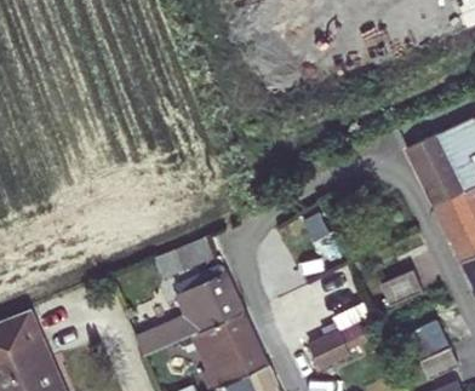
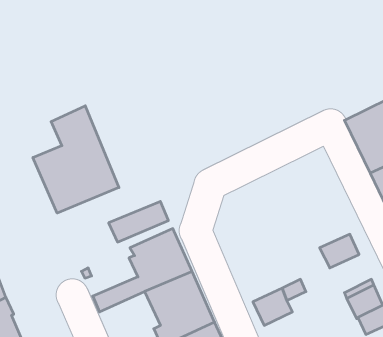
building: none -> [33,106,119,213]

